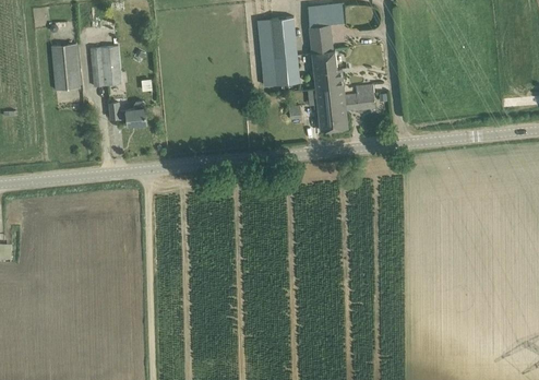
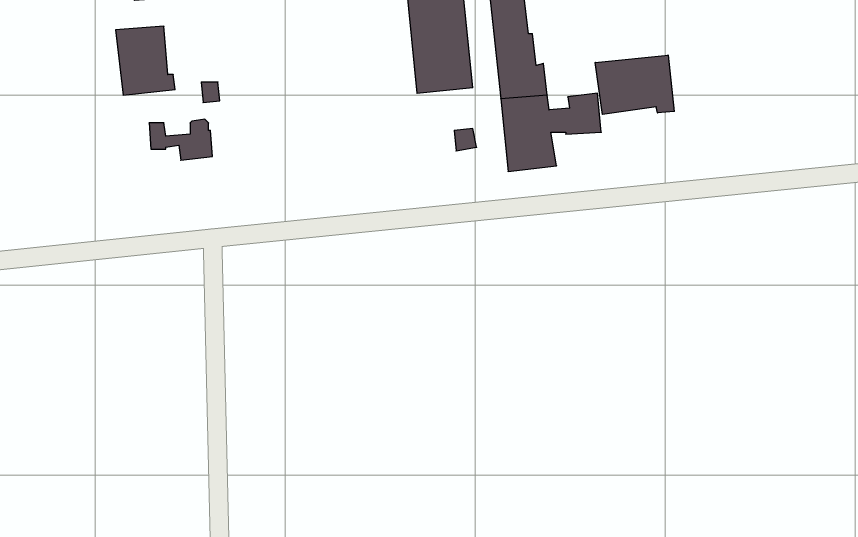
building: [50,45,80,91] -> none
building: none -> [595,55,674,114]

